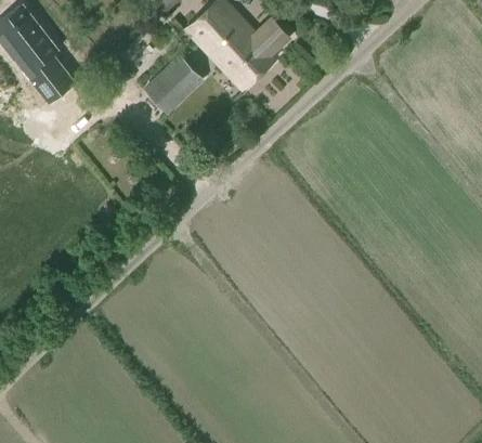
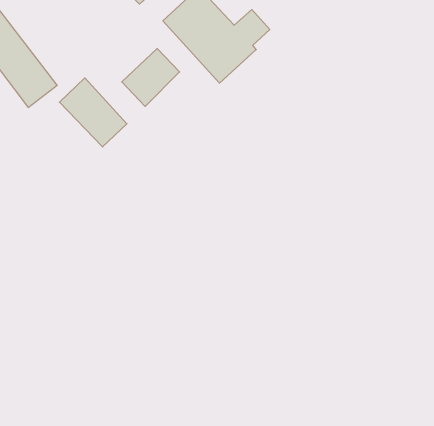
building: none -> [59,78,127,147]

